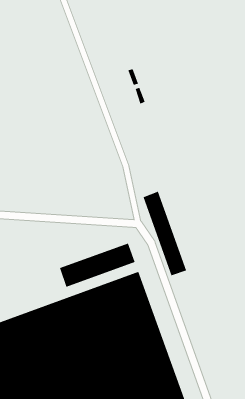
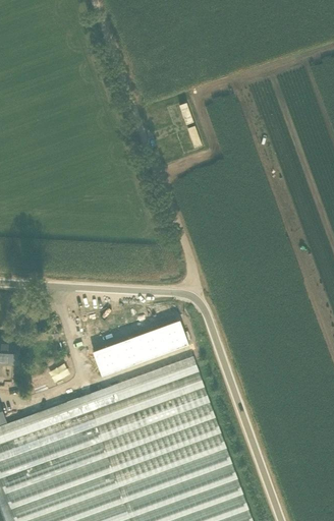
building: [143,191,187,276] -> none

